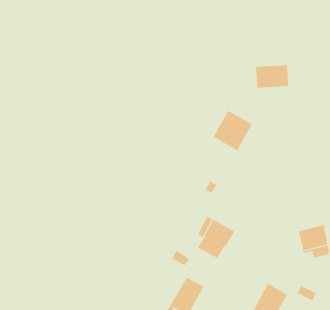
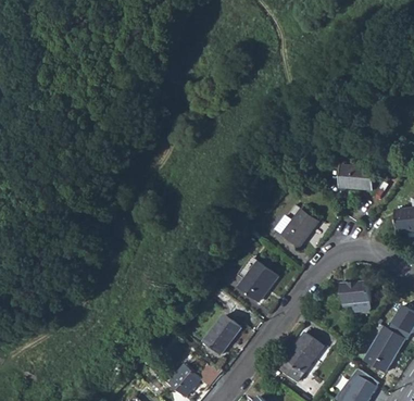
building: [255,65,289,88] -> [340,165,374,189]
building: [213,110,253,151] -> [276,204,317,247]

